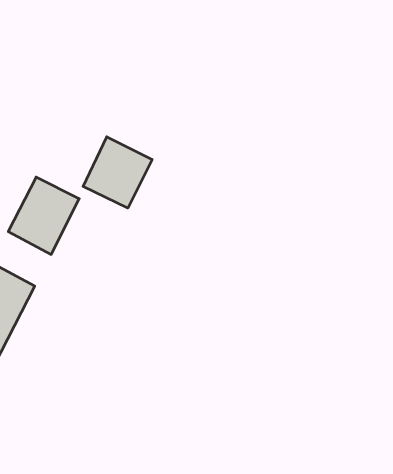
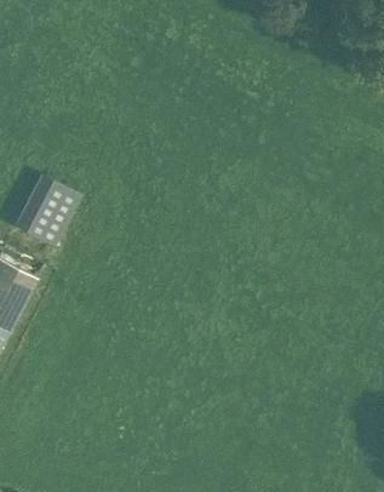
building: [83,137,152,208] -> none

